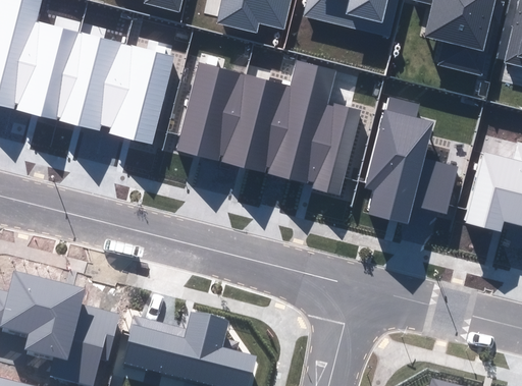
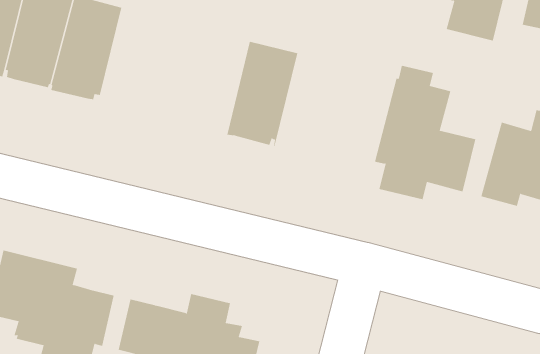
building: [106,44,174,145] -> none
building: [176,61,246,163] -> none
building: [270,62,361,195] -> none

